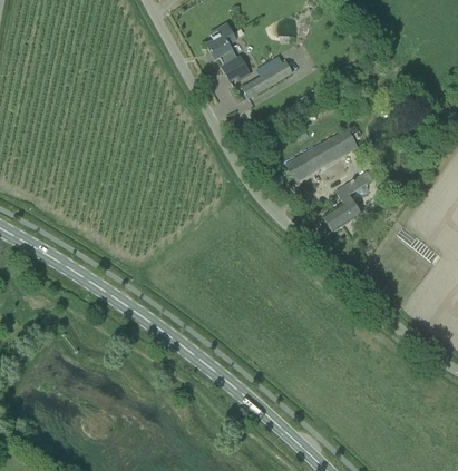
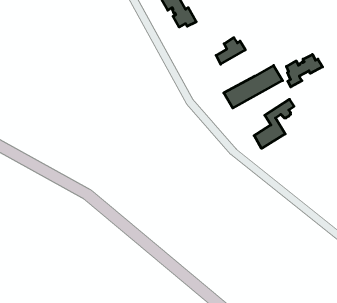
building: [255,57,292,90] -> [216,38,245,64]
building: none -> [286,54,323,87]

